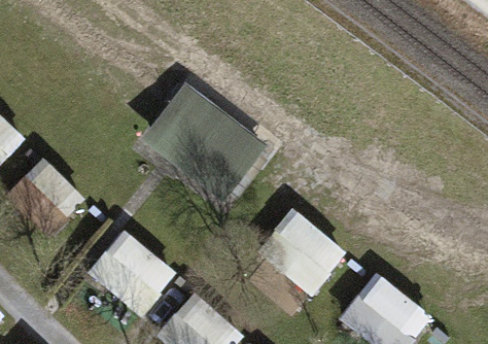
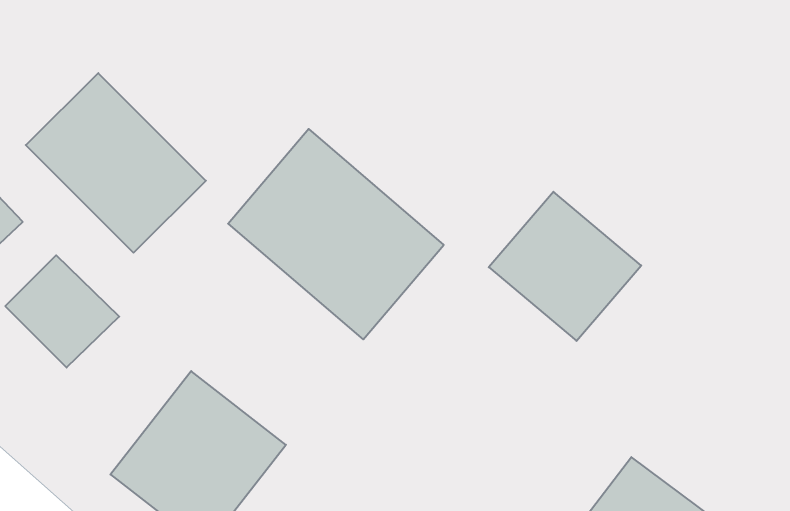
building: none -> [26,73,206,253]
building: [256,210,346,298] -> [489,192,641,341]

